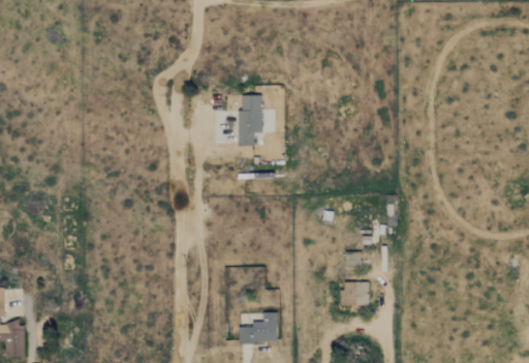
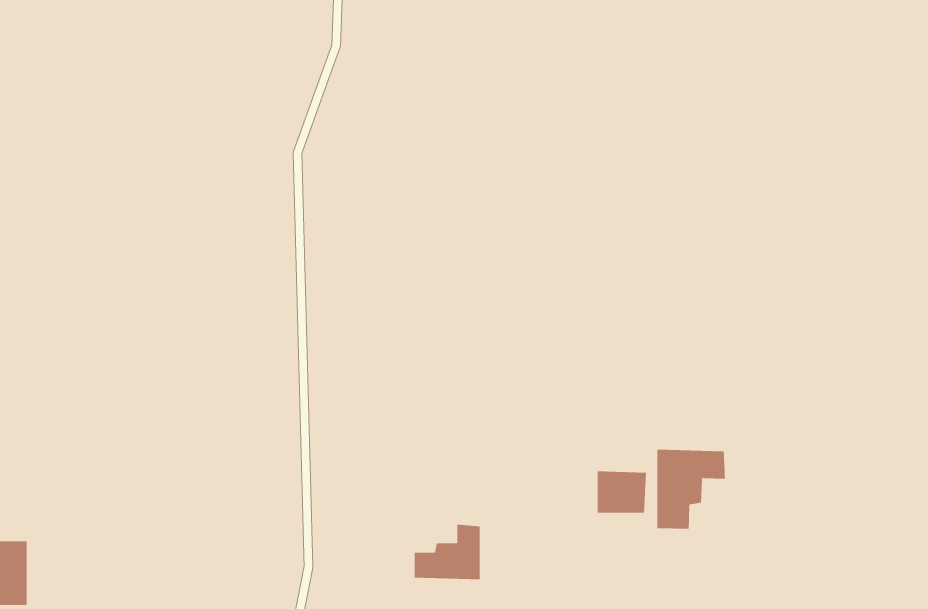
building: [239,95,262,146] -> none
building: none -> [657,449,726,530]

